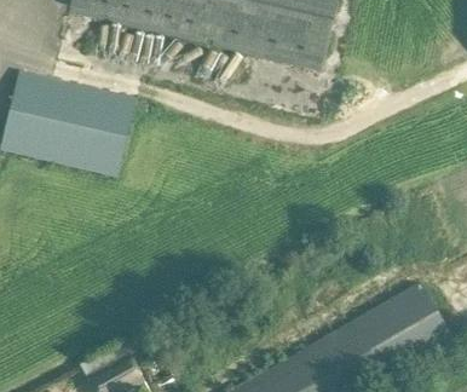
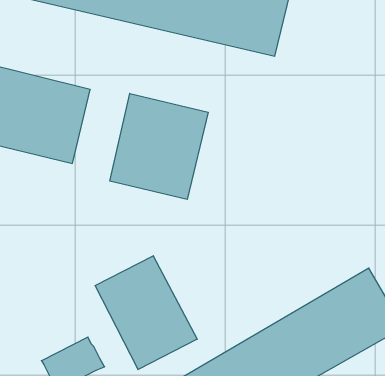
building: none -> [110,93,208,199]
building: none -> [95,256,197,370]

